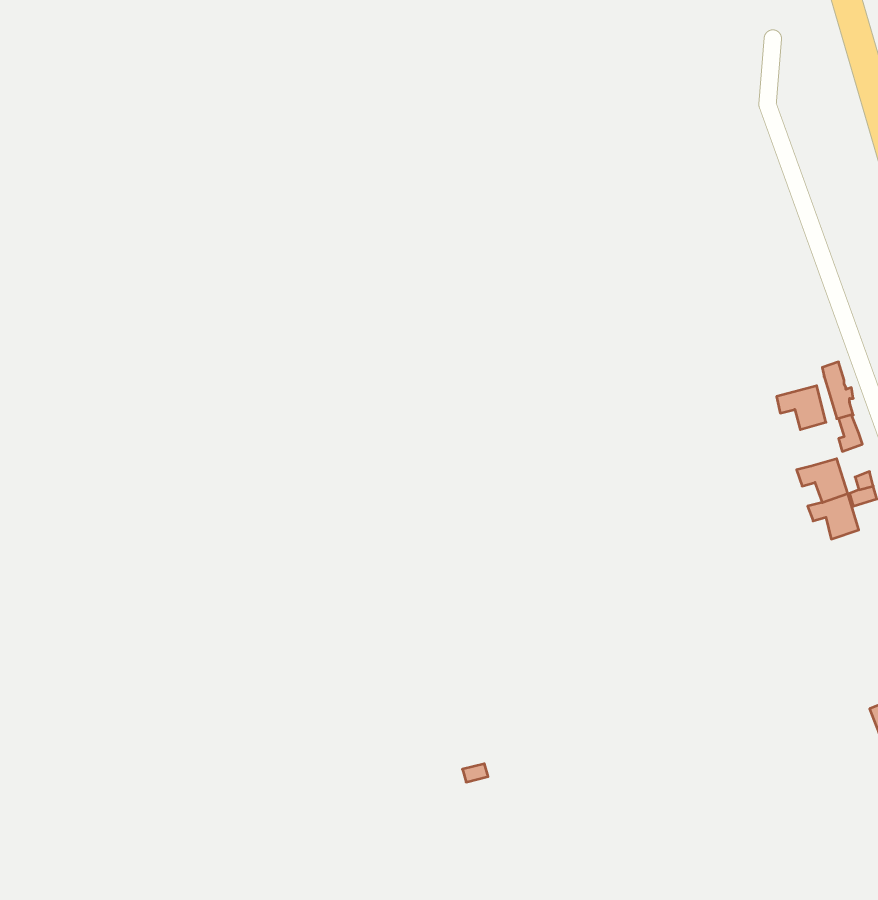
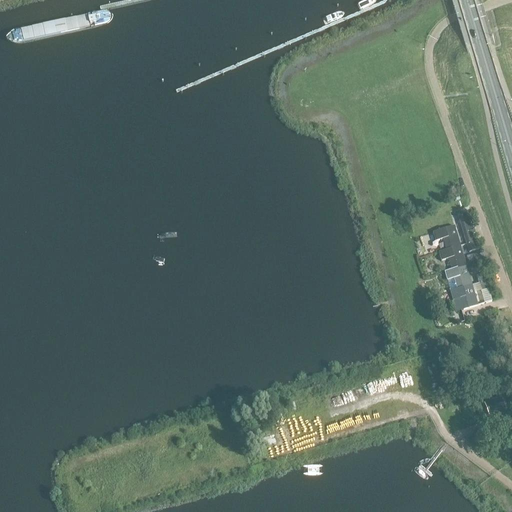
building: none -> [436,245,463,269]

